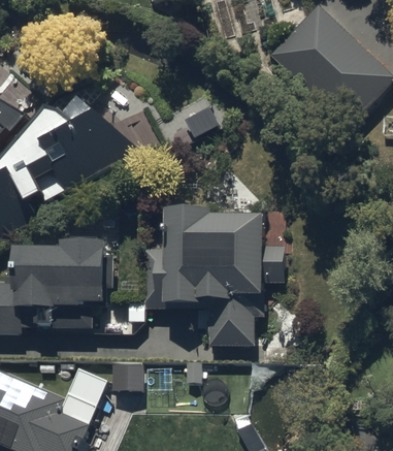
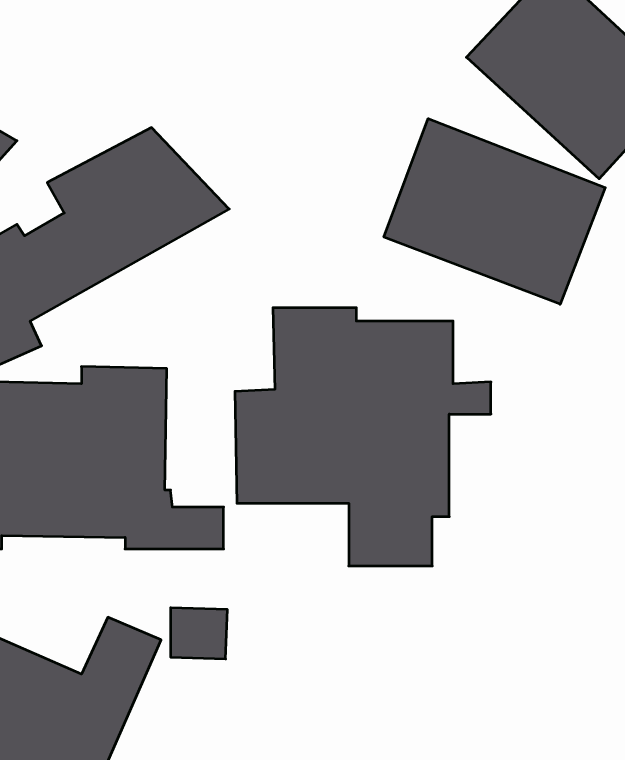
building: none -> [384,119,605,304]

